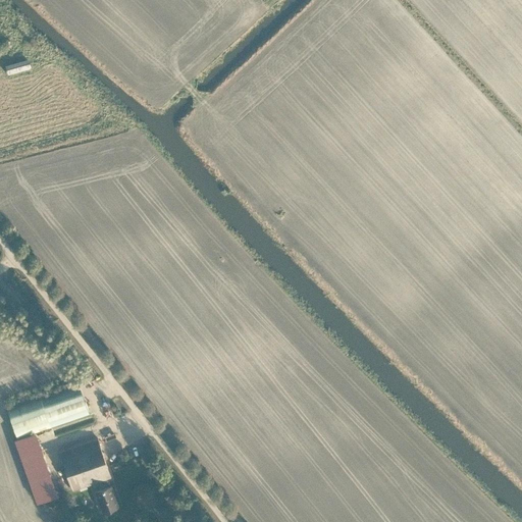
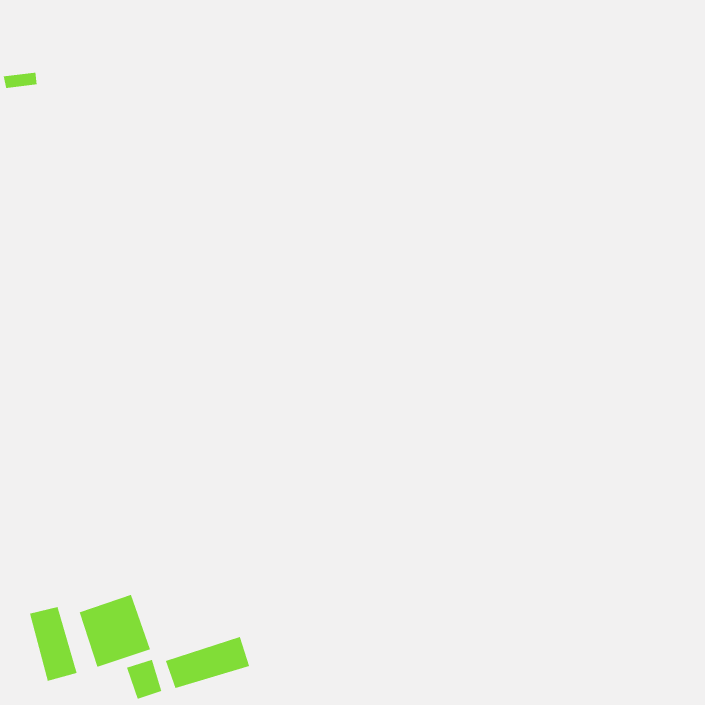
building: [8,387,88,440] -> none
building: none -> [165,636,250,689]

